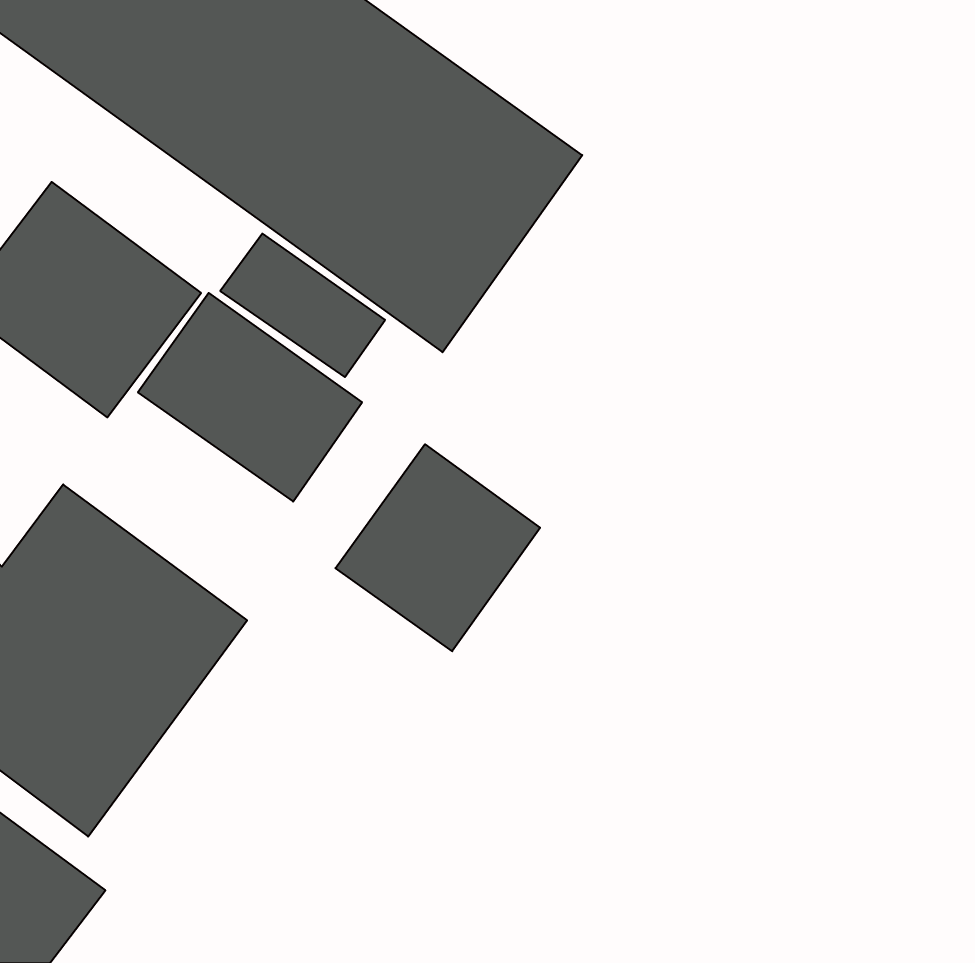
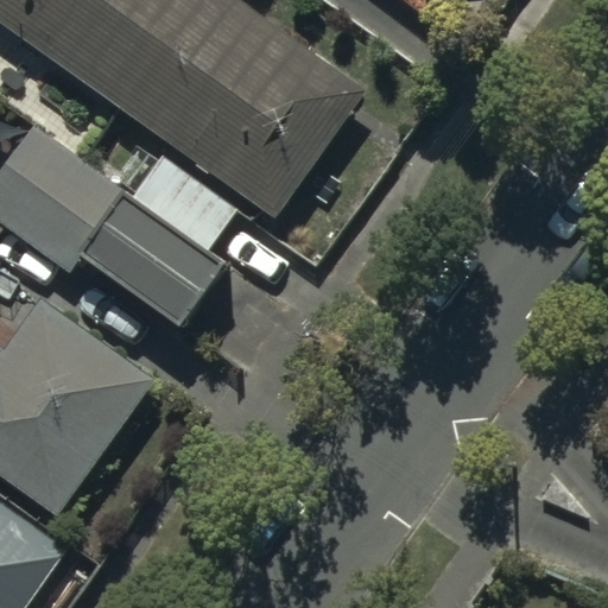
building: [335,444,540,651] -> none

